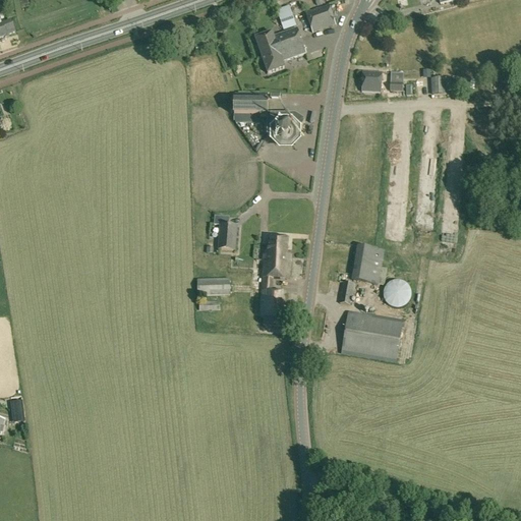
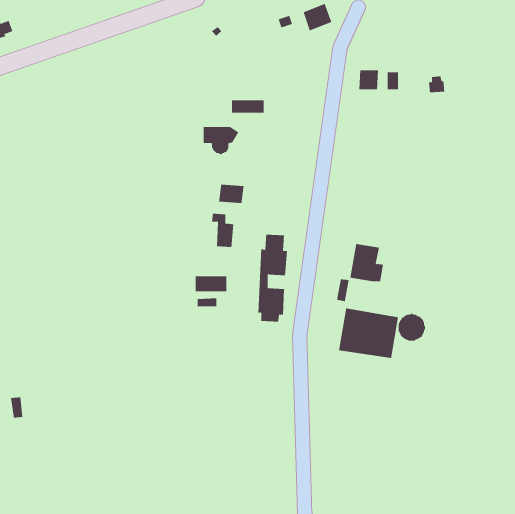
building: [253,26,305,72] -> none
building: [267,114,303,142] -> [203,126,239,155]
building: none -> [219,184,244,204]
building: [383,279,411,307] -> [398,313,426,341]

